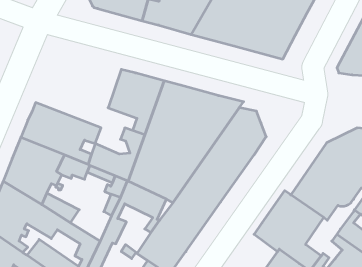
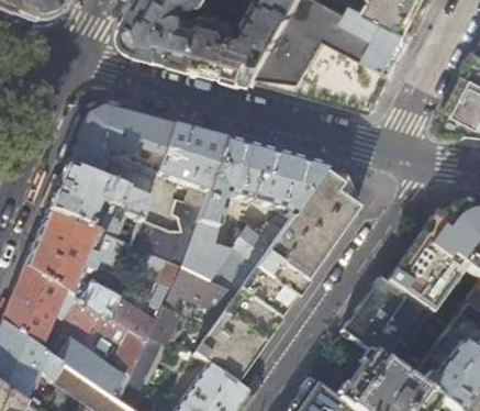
building: none -> [66,104,174,197]
building: none -> [110,298,156,340]

